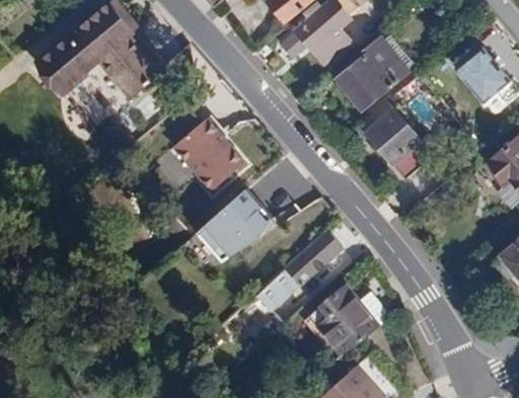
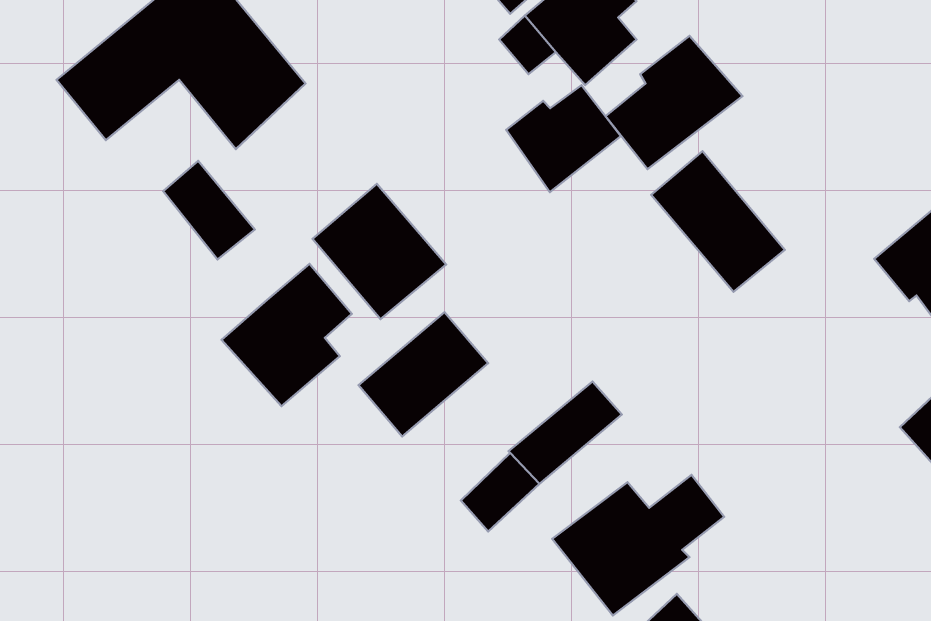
building: [456,48,510,102] -> none
building: none -> [506,85,621,192]
building: none -> [163,161,255,260]
building: none -> [222,264,352,406]

